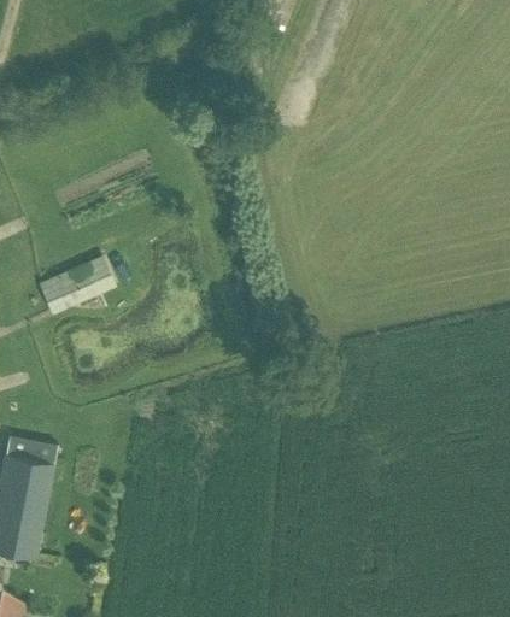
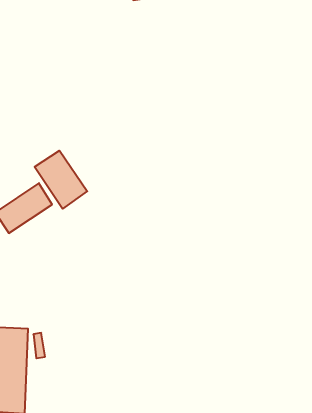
building: none -> [35,151,87,209]

